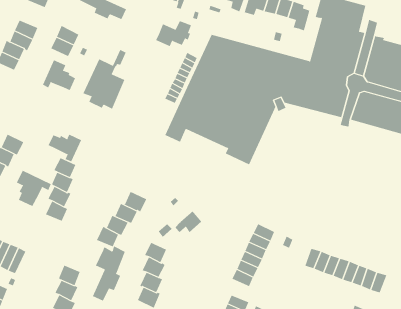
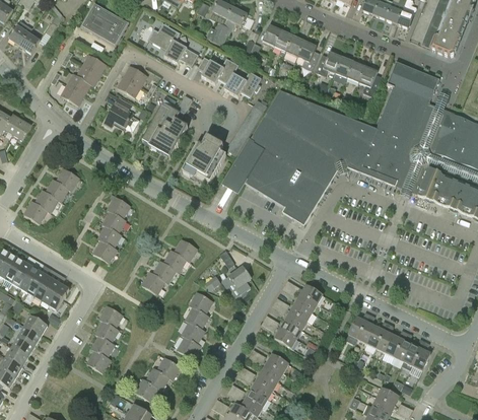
building: none -> [197,57,236,84]
building: none -> [181,136,225,183]
building: [48,134,82,162] -> none
building: [16,170,51,207] -> none
building: [92,246,125,302] -> none

